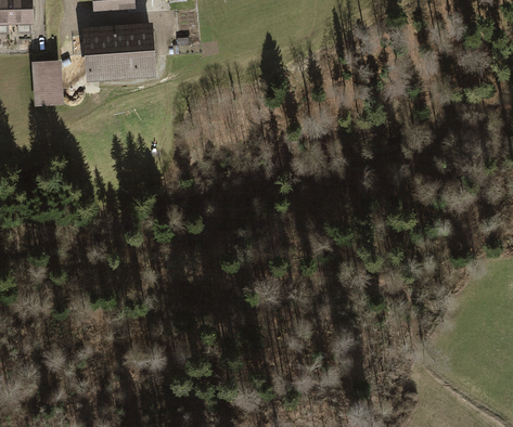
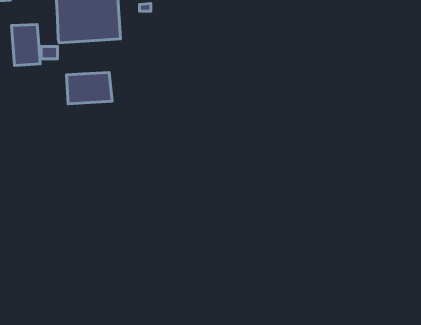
building: none -> [67,72,112,104]

